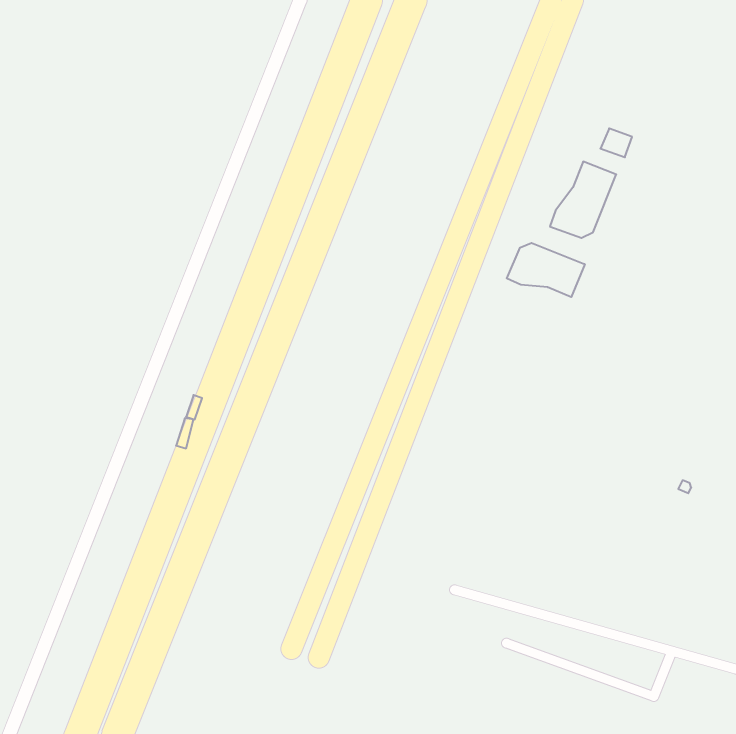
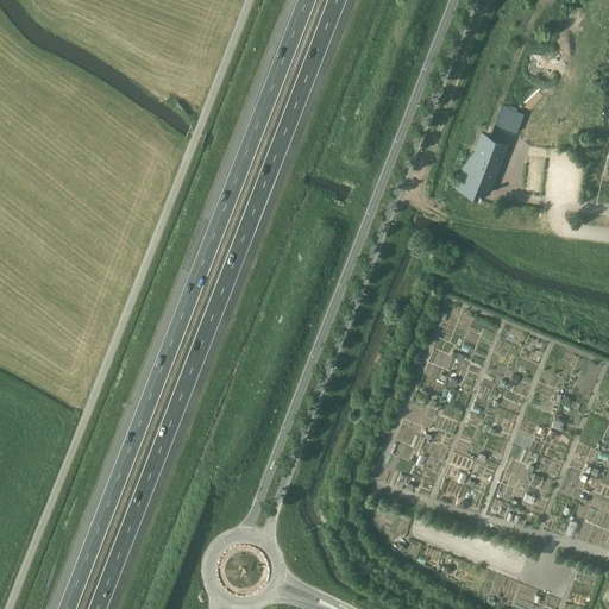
building: [507,243,585,297] -> none

